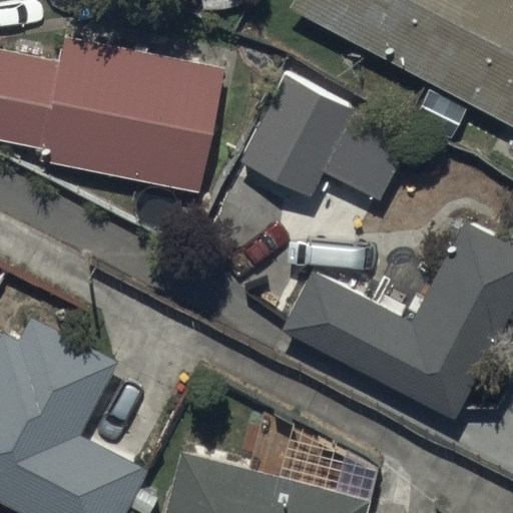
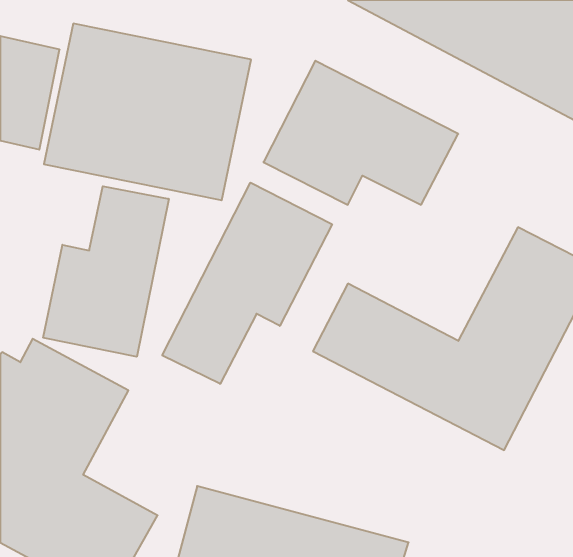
building: none -> [162,183,332,384]
building: none -> [43,186,169,357]

